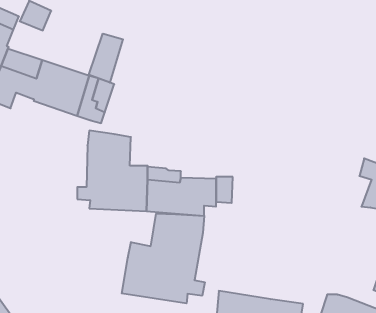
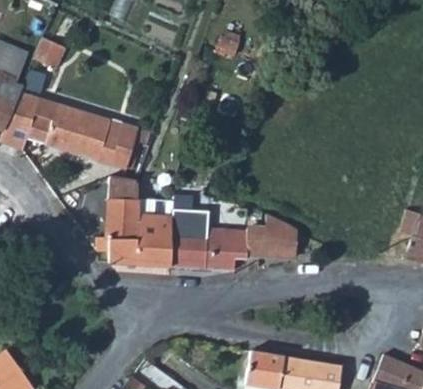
building: [89,34,123,83] -> none
building: none -> [263,213,297,257]
building: [122,214,205,303] -> none

